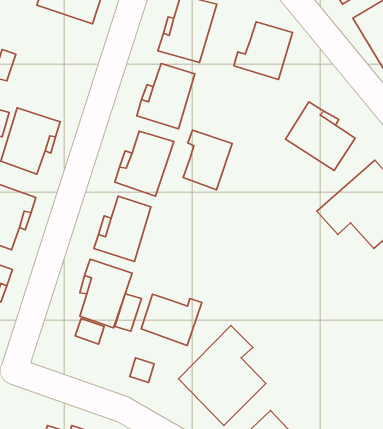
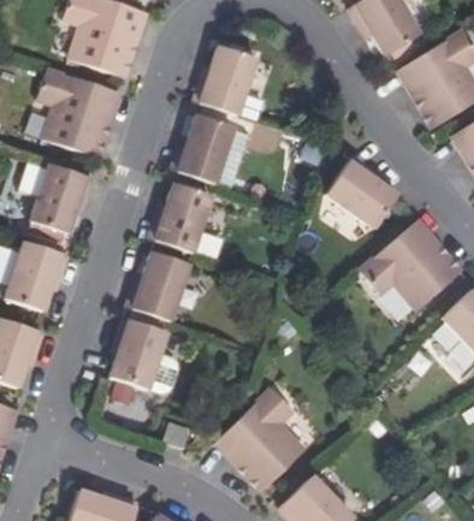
building: none -> [37,69,120,156]
building: [234,22,293,80] -> none
building: [183,130,232,190] -> none
building: [141,294,202,346] -> none

